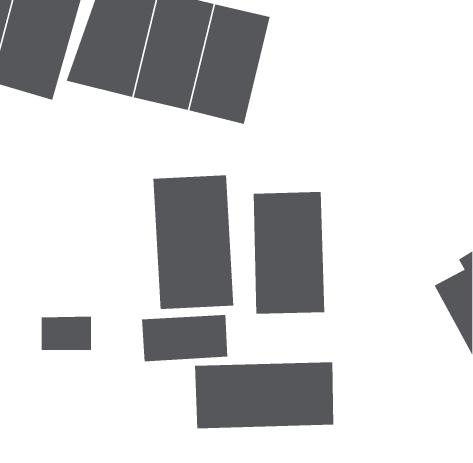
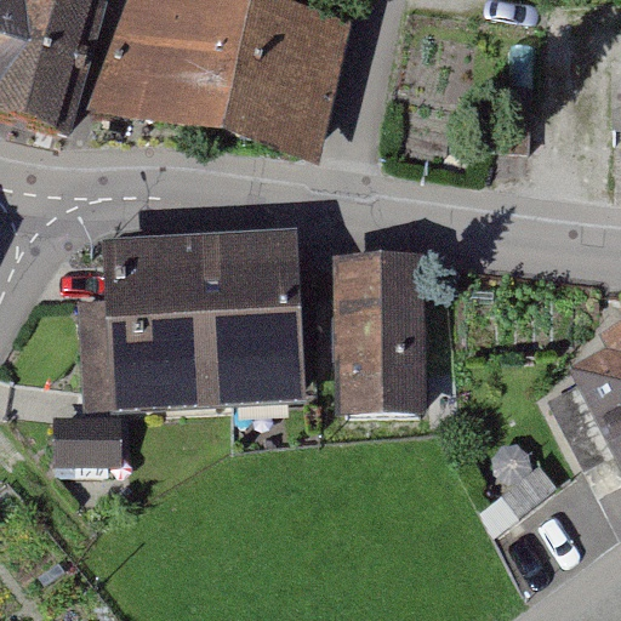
building: none -> [103,233,209,410]
building: [141,314,228,362] -> none
building: [195,362,334,429] -> none

